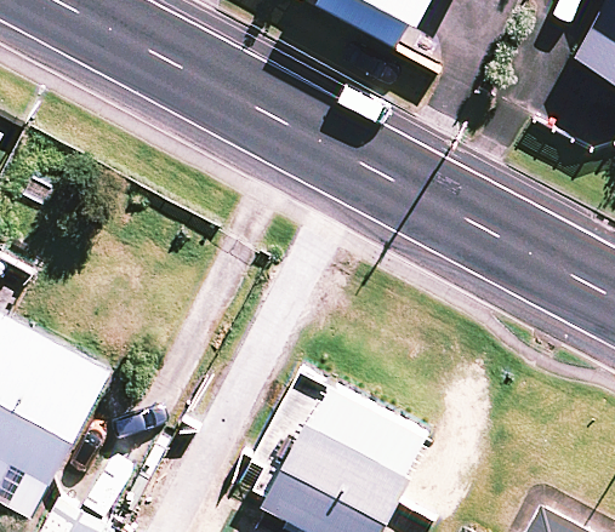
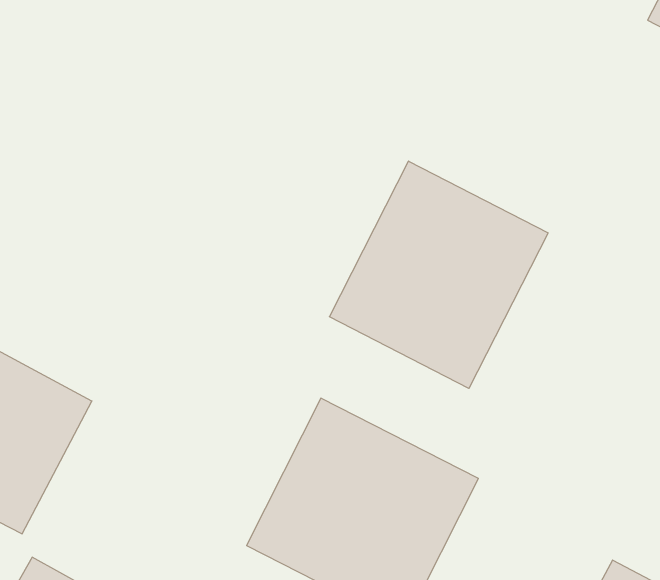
building: none -> [329,161,548,388]

